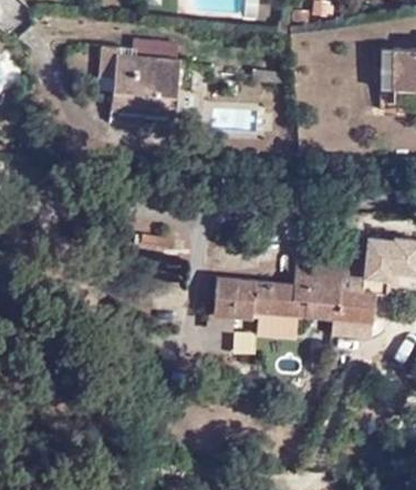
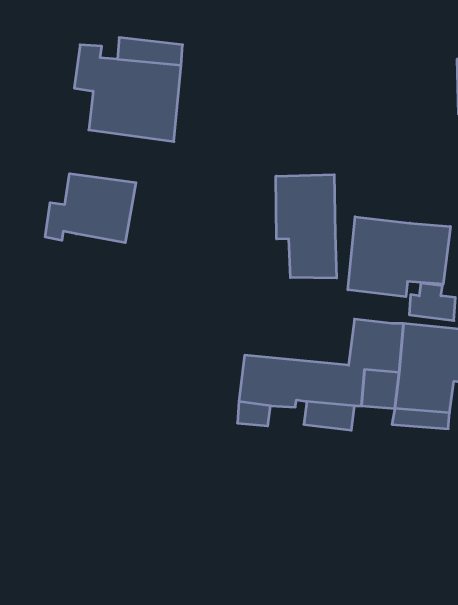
building: none -> [45,174,136,243]
building: none -> [276,175,337,278]
building: none -> [348,217,450,297]

